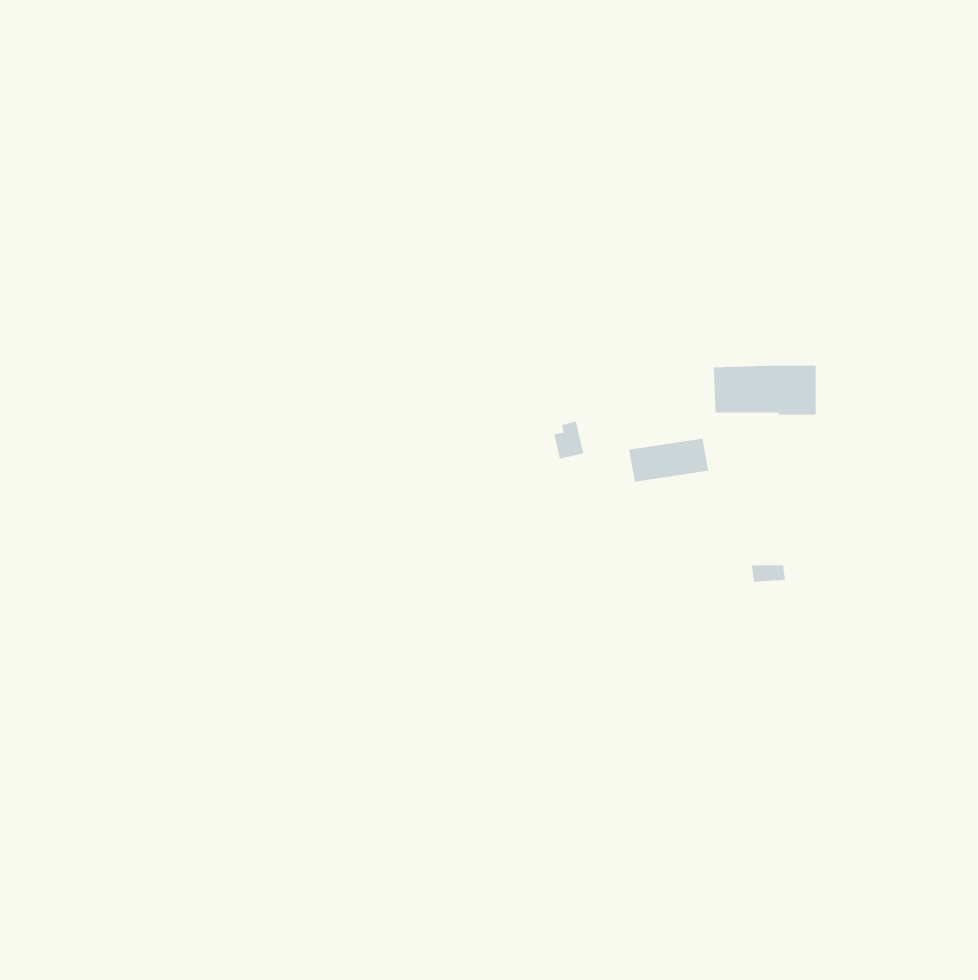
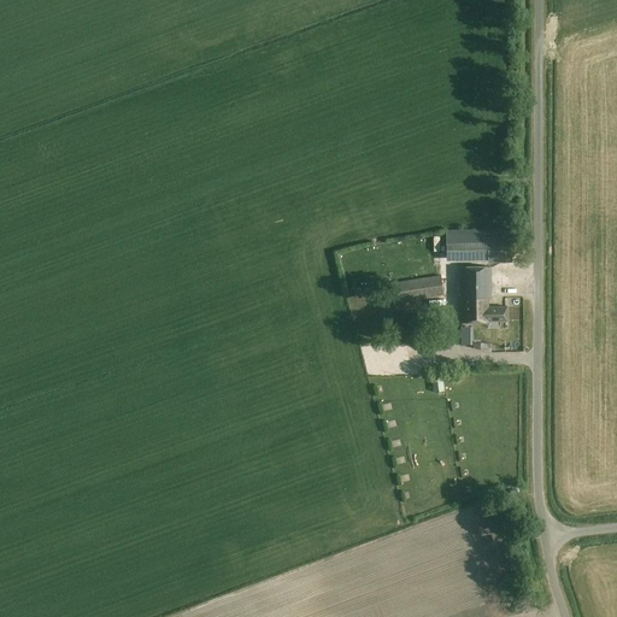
building: none -> [464,266,510,322]

